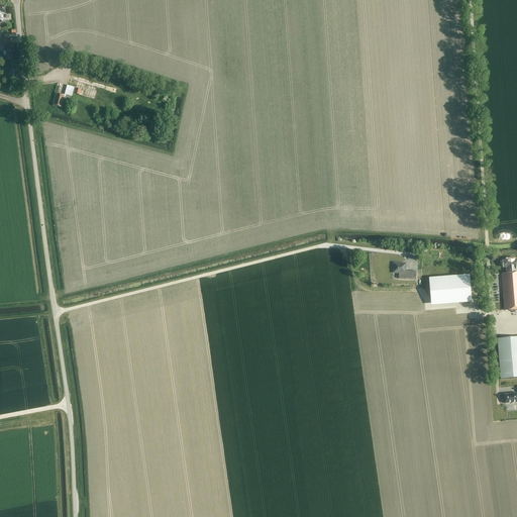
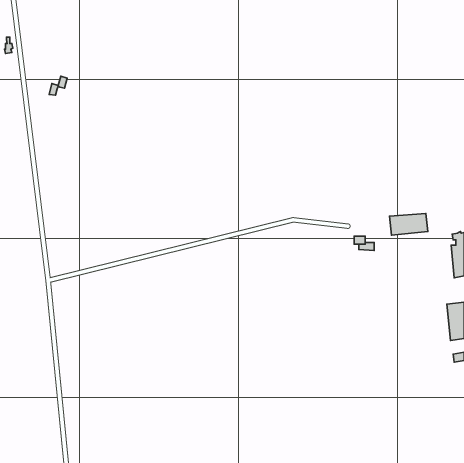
building: [429,275,472,299] -> [390,214,428,235]

